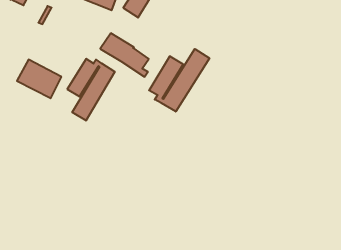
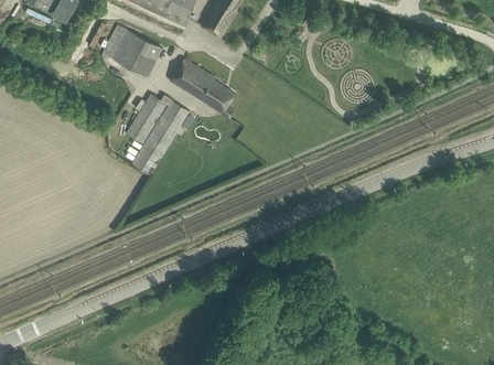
building: [149,49,209,112] -> none
building: [17,60,61,98] -> [103,24,162,76]

